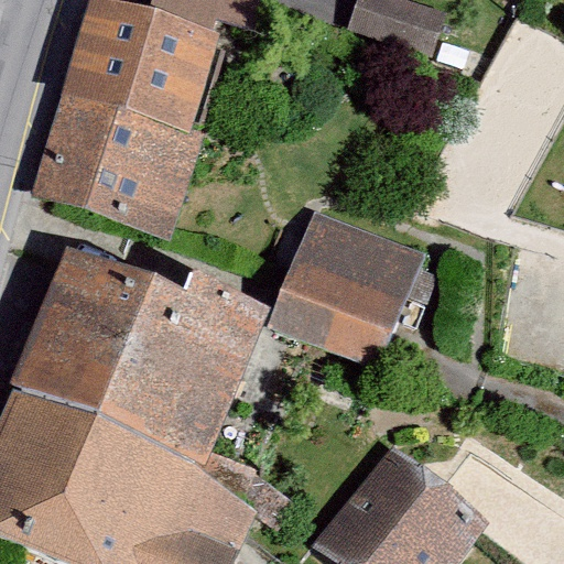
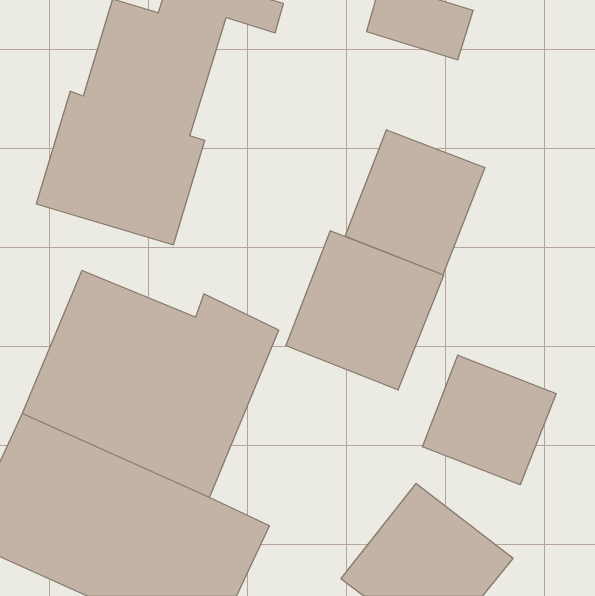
building: none -> [345,130,485,275]
building: none -> [423,355,556,485]

